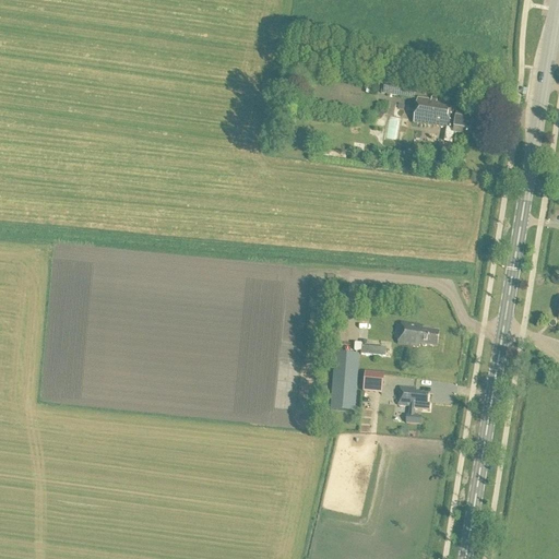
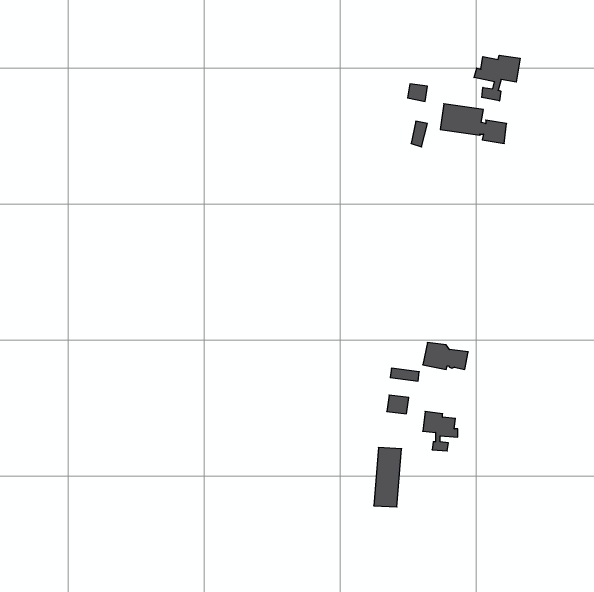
building: none -> [474,55,520,101]
building: [331,353,357,408] -> [374,448,402,507]

